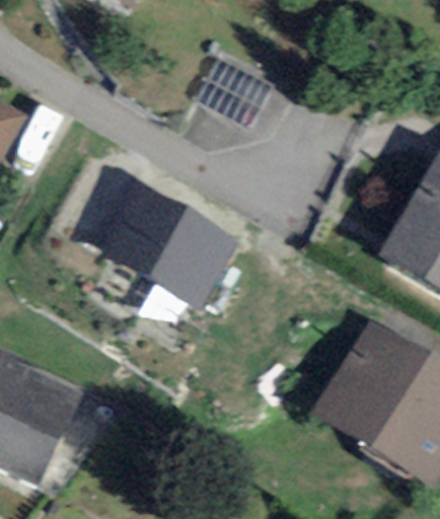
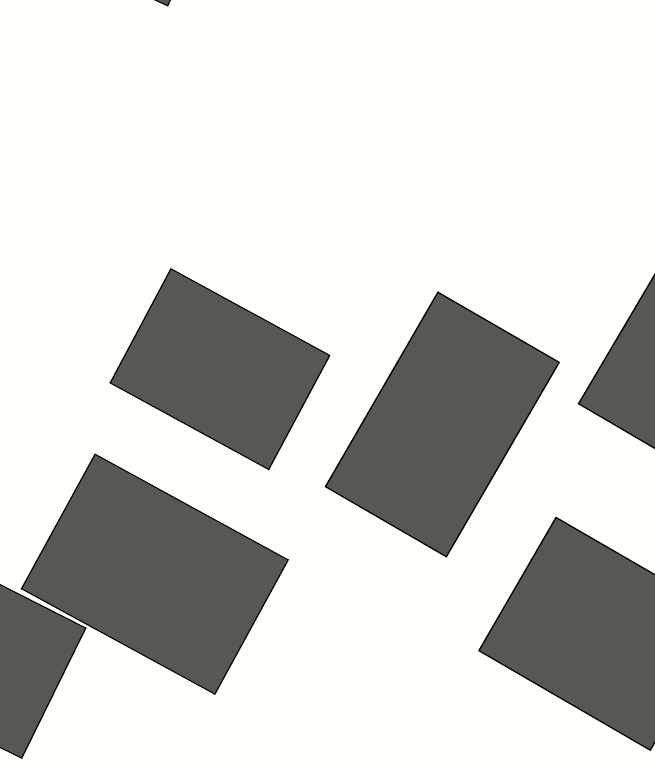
building: none -> [325,292,559,557]
building: none -> [21,454,288,694]

